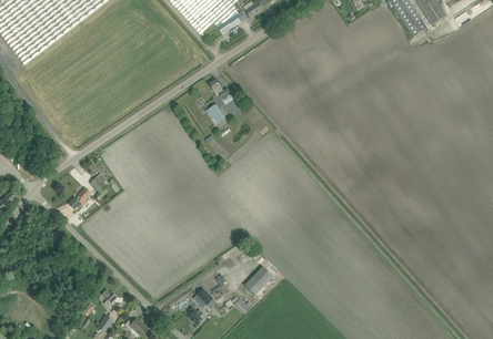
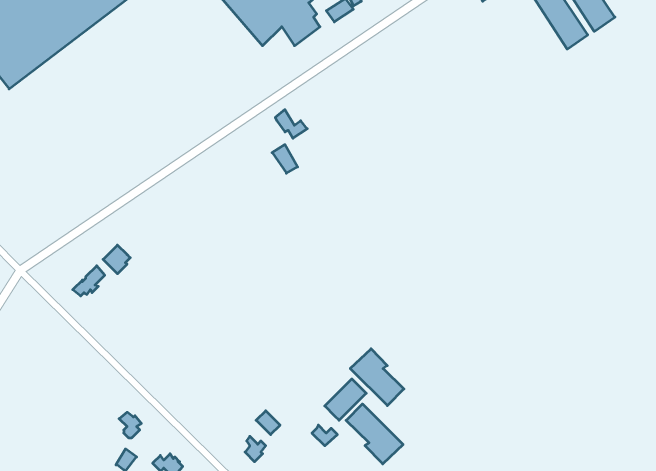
building: none -> [350,349,404,406]
building: none -> [346,404,403,464]

